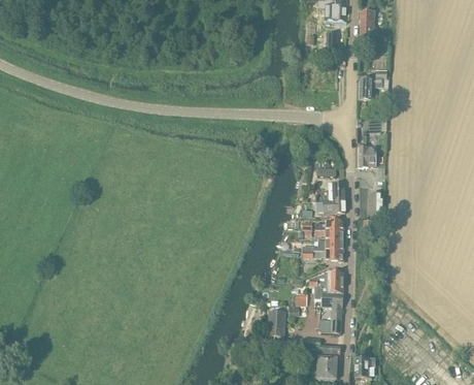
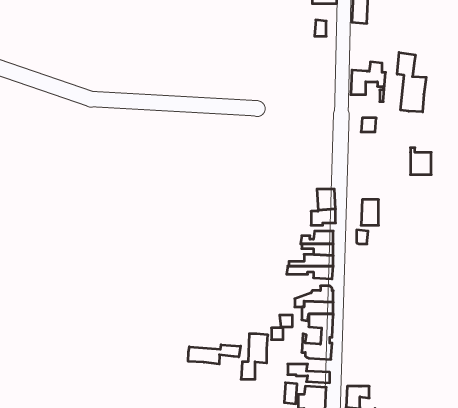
building: none -> [397,52,426,112]
building: [358,142,376,166] -> [410,148,431,175]
building: none -> [188,345,241,364]

